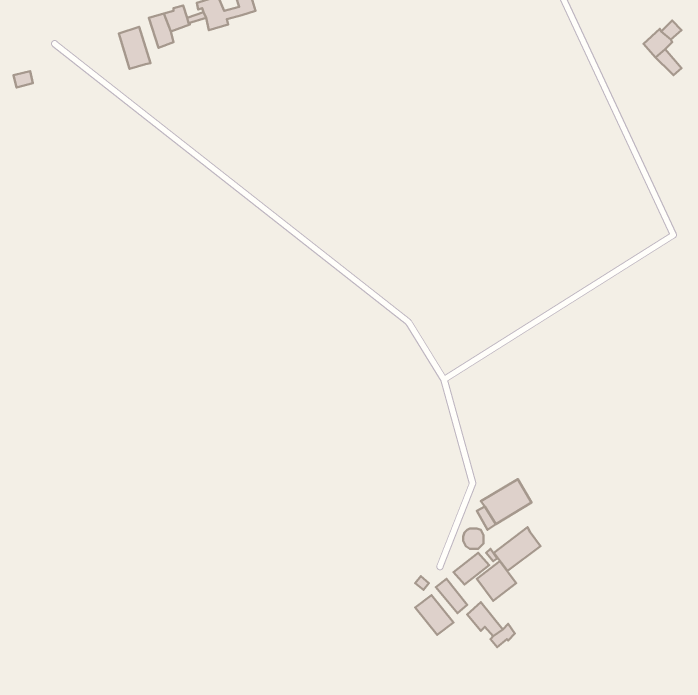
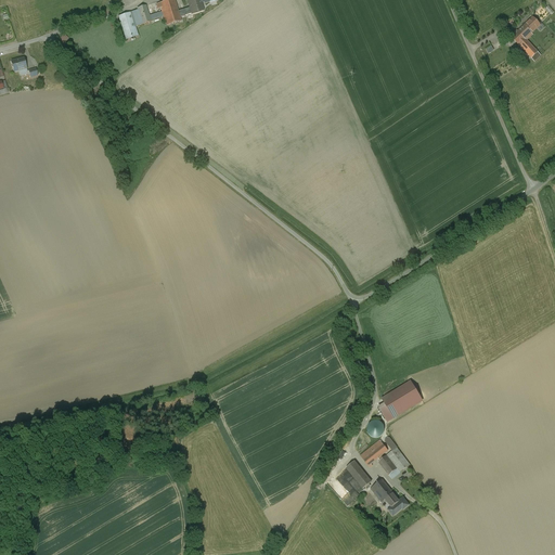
building: [119,27,151,69] -> none
building: [494,527,541,571] -> none

